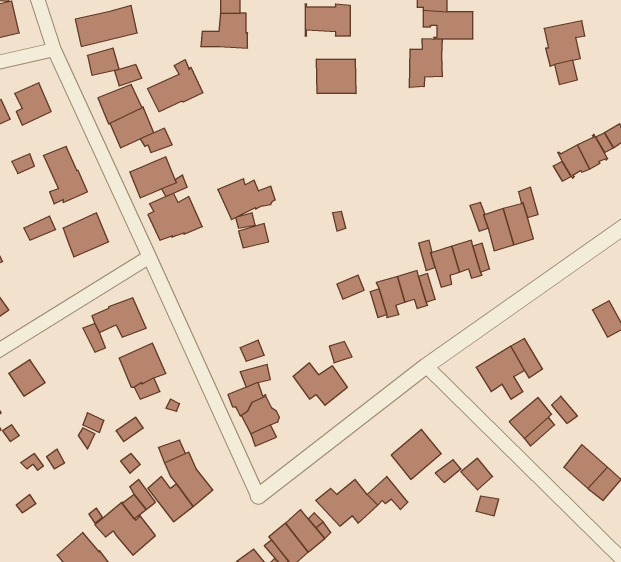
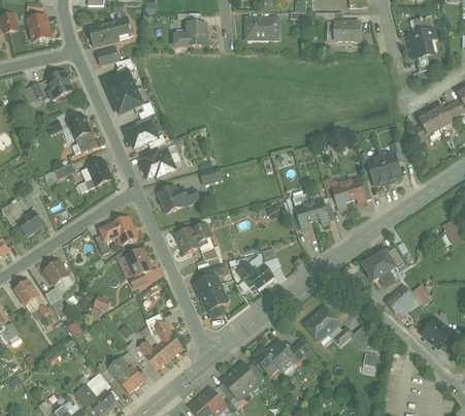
building: [409,39,442,88] -> none
building: [316,59,356,94] -> none
building: [148,60,203,112] -> none
building: [218,179,275,220] -> [157,185,196,213]
building: none -> [175,224,211,253]

